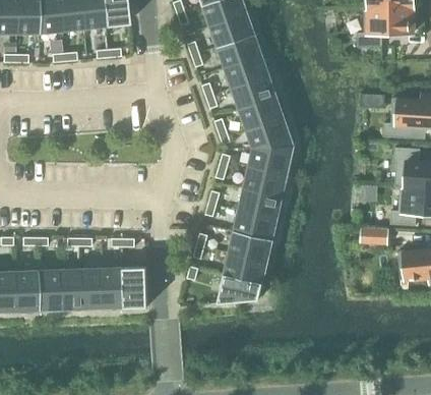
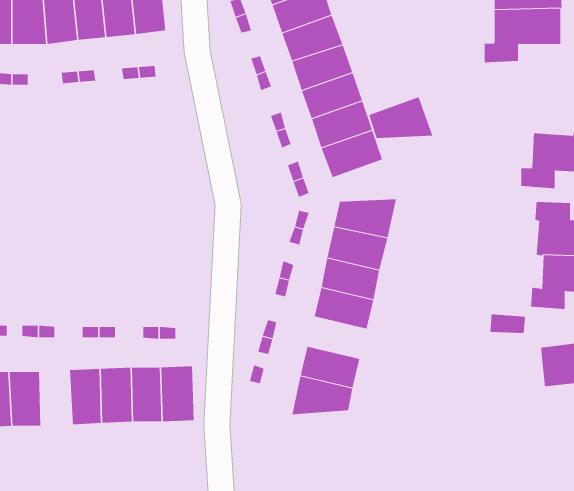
building: [247,117,294,148] -> [369,96,433,139]
building: [229,231,272,262] -> none
building: [36,270,59,311] -> none

